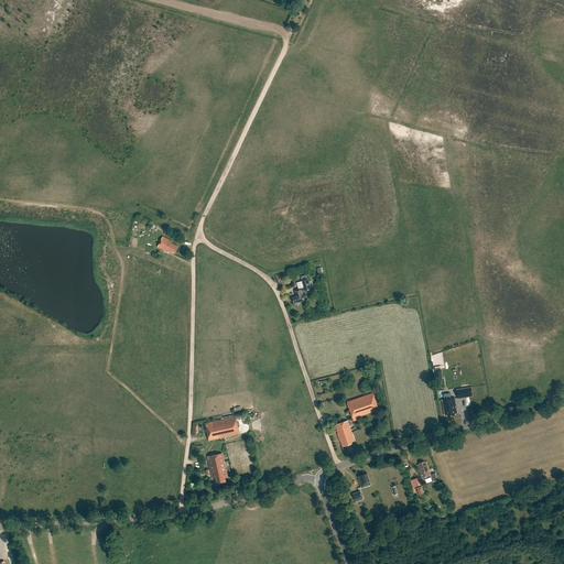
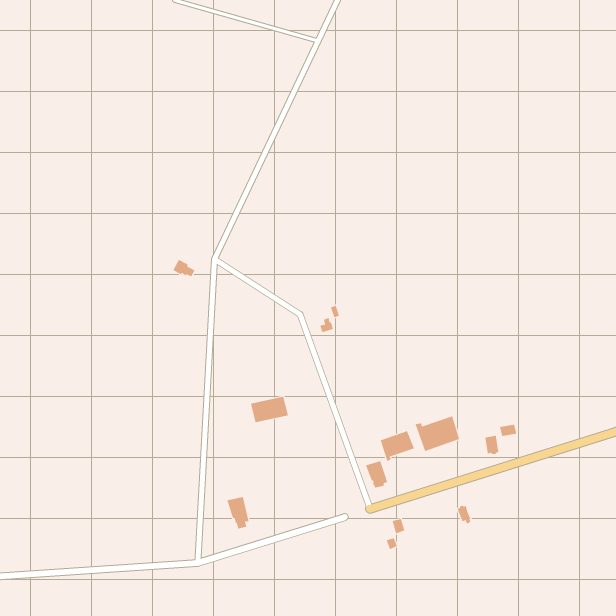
building: none -> [415,415,460,452]
building: [205,416,240,441] -> [250,396,289,423]

